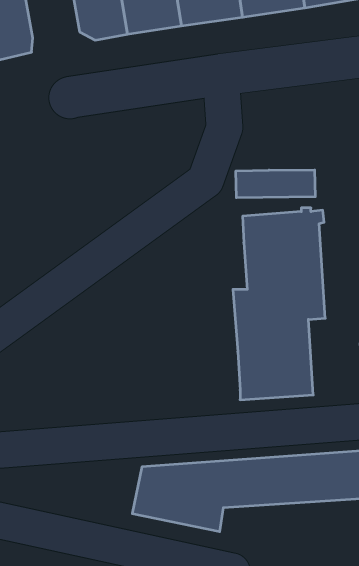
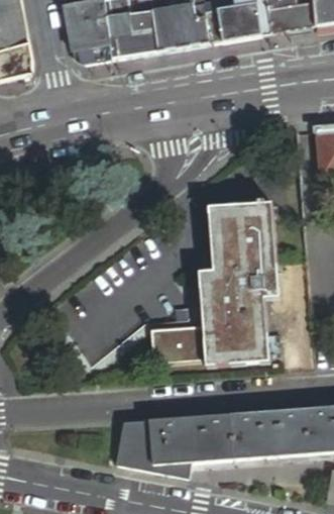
building: [236,170,315,198] -> none
building: none -> [151,325,206,362]

